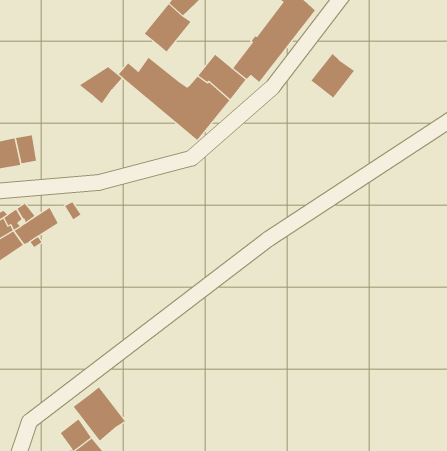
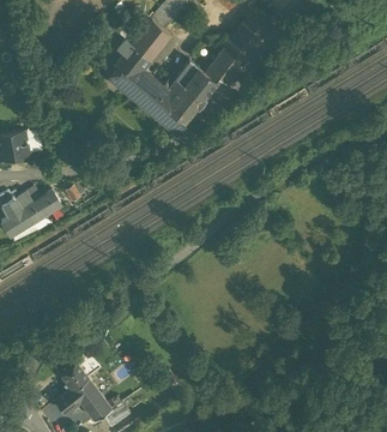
building: [311,53,355,99] -> none
building: [79,66,123,104] -> [107,46,143,77]
building: [73,386,126,441] -> none

